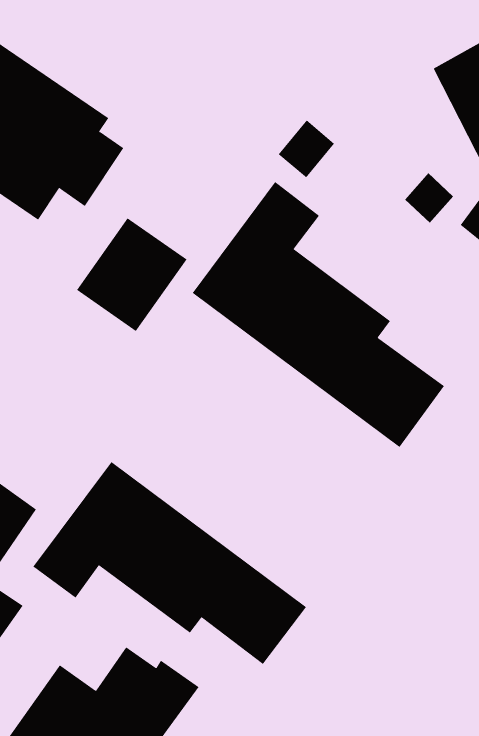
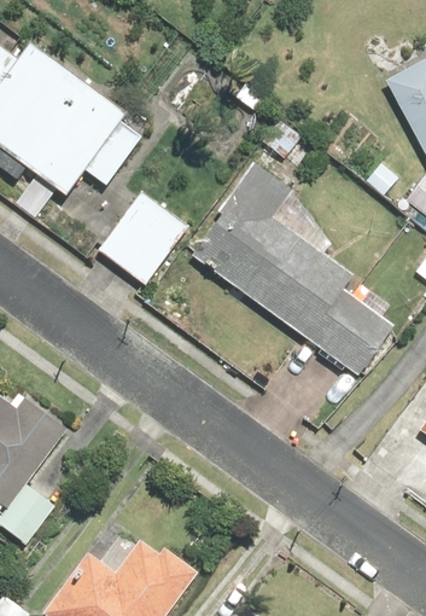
building: [32,461,307,665] -> none

